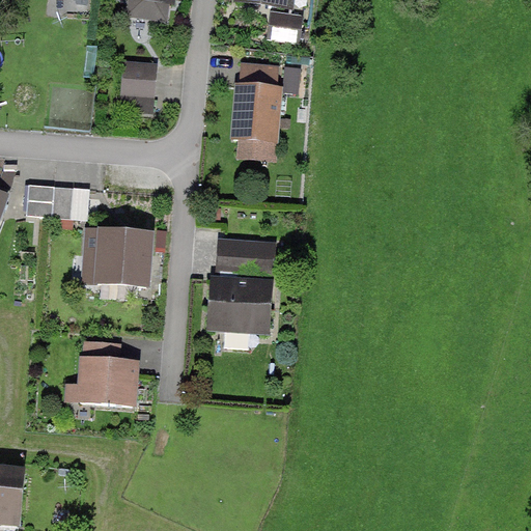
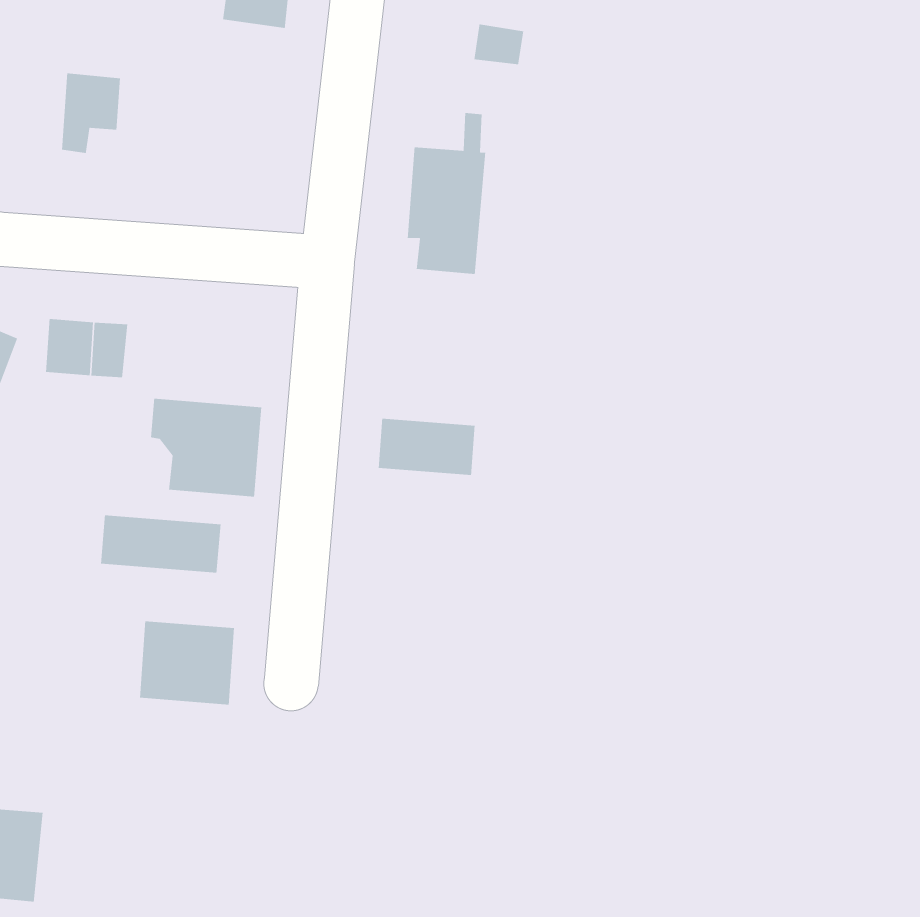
building: [120,61,155,108] -> [61,72,121,154]
building: [207,278,270,329] -> none
building: none -> [100,514,221,573]

